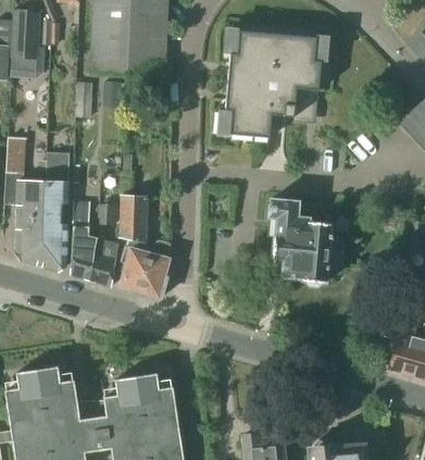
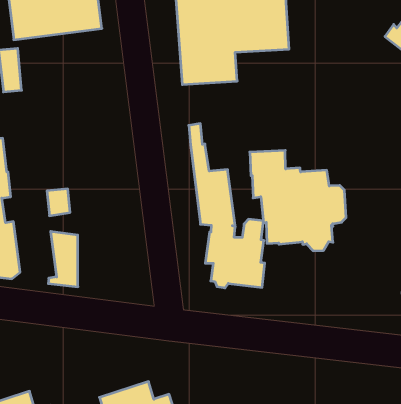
building: [118,154,172,297] -> [189,124,265,288]
building: [71,200,97,279] -> none

